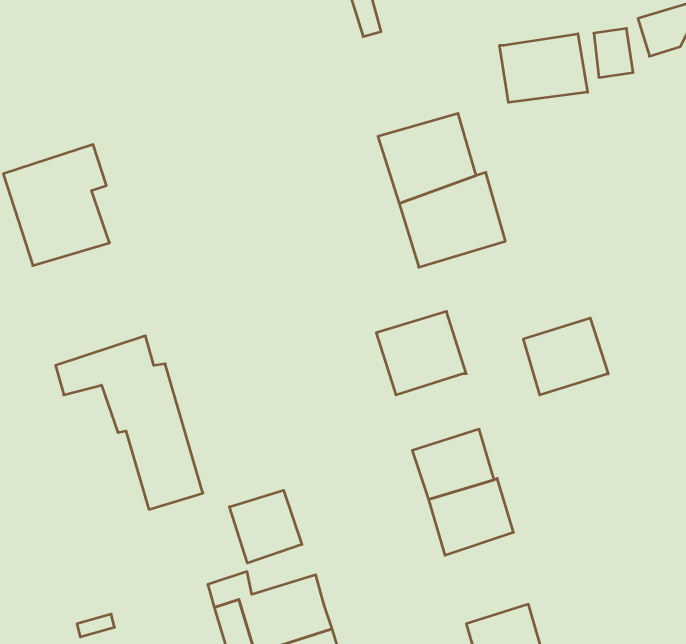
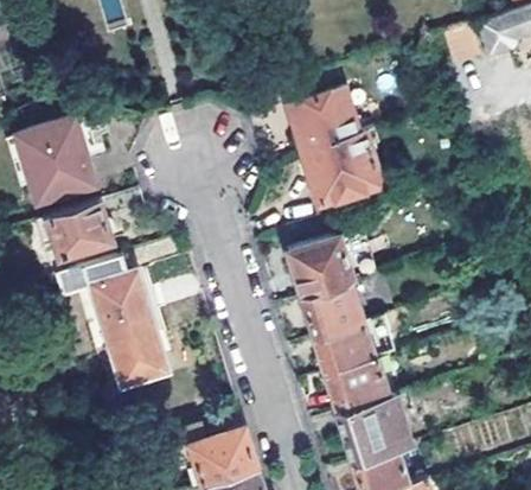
building: [500,34,588,102] -> none
building: none -> [50,203,111,259]
building: [523,318,608,395] -> [302,282,364,338]
building: [229,490,302,563] -> none
building: none -> [338,395,412,464]

